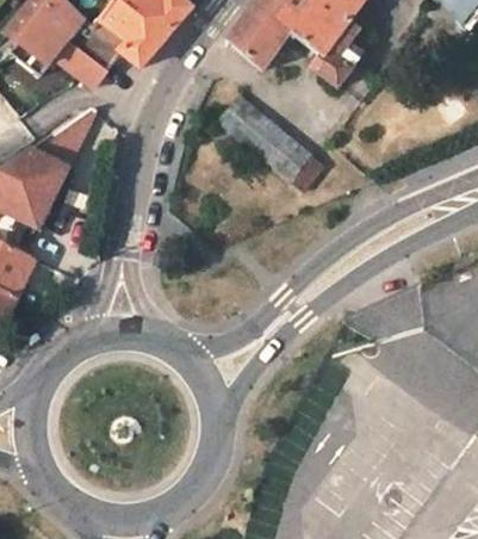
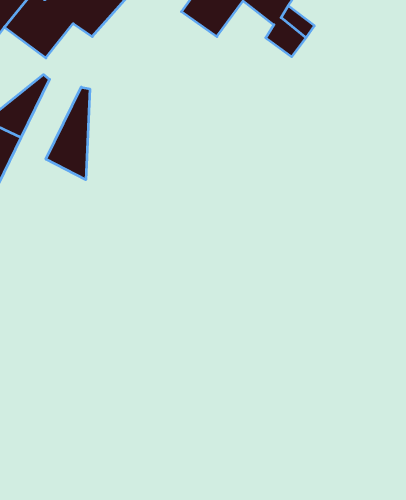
building: [221,98,309,175] -> none
building: none -> [46,87,90,180]

